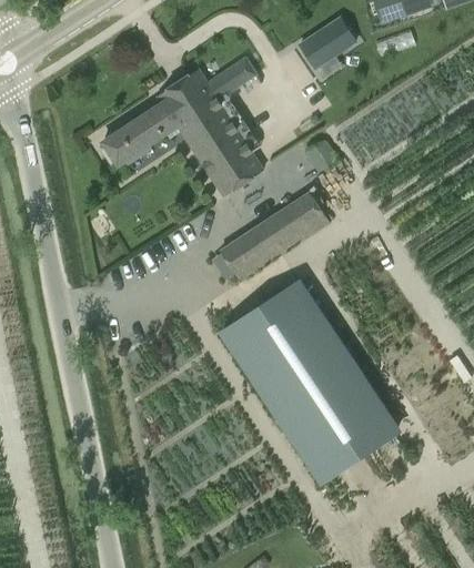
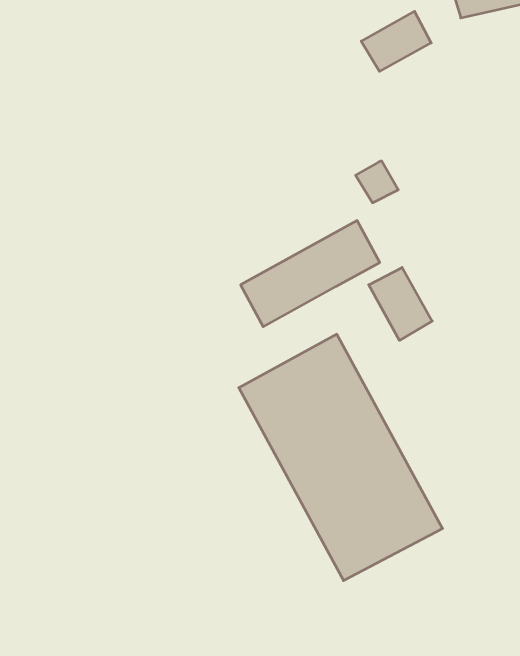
building: [101,58,262,194] -> none
building: none -> [369,267,432,340]

